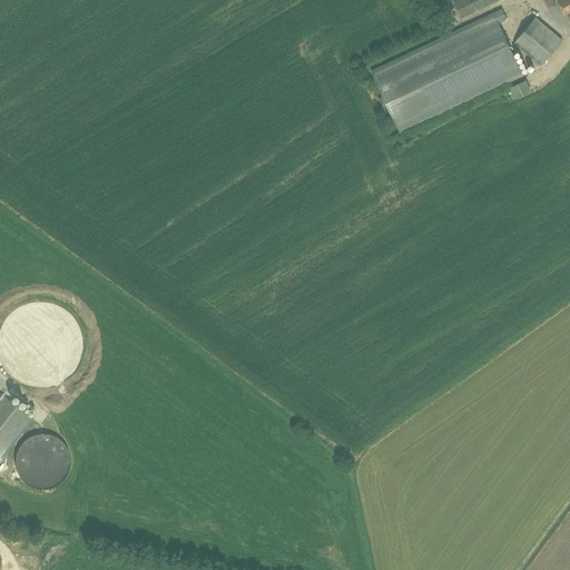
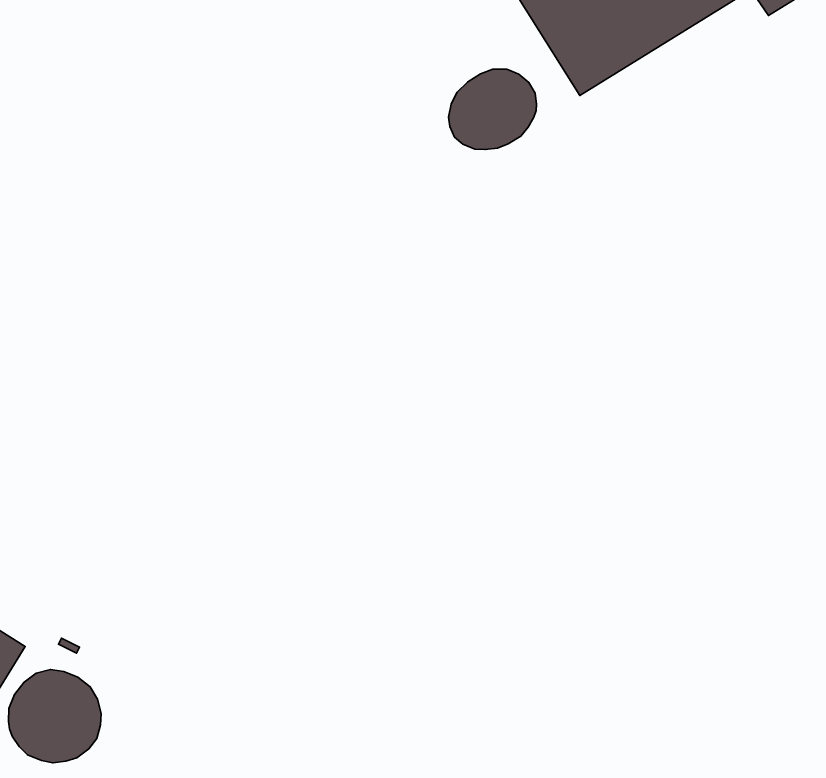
building: none -> [449,69,536,150]

